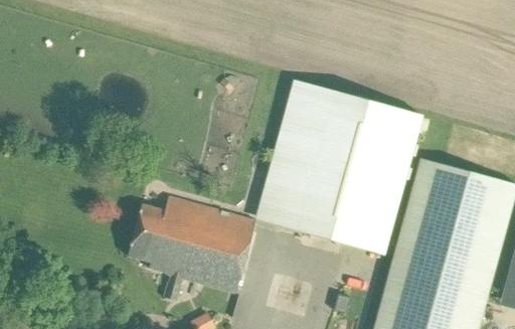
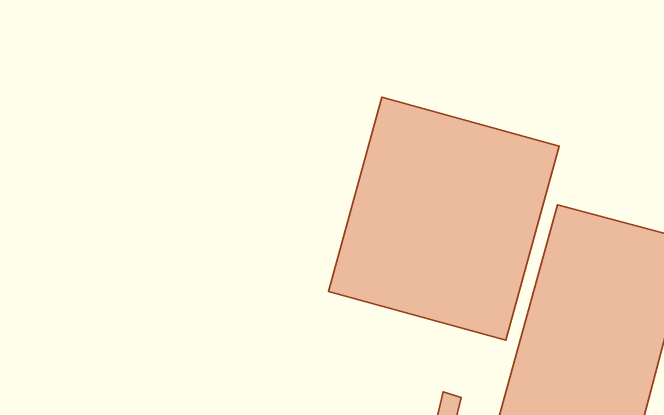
building: [129,195,256,299] -> none

